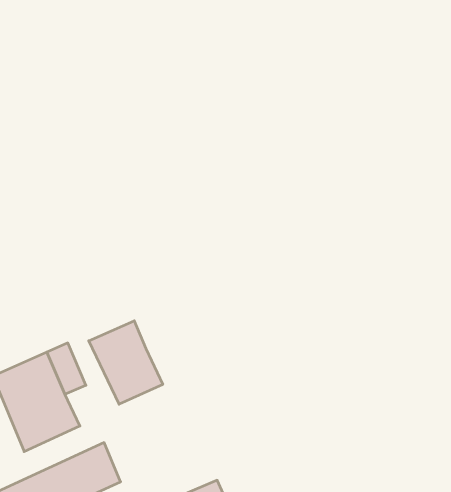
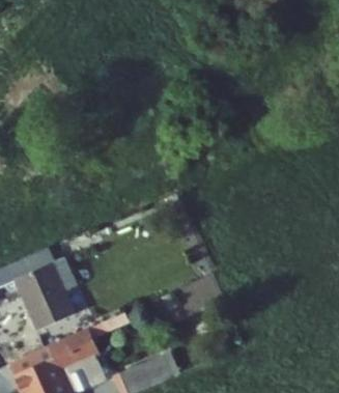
building: [89,321,163,404] -> none

